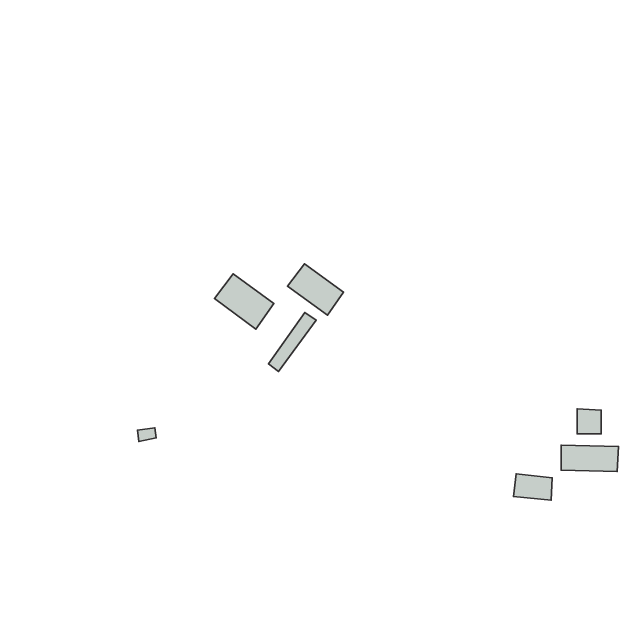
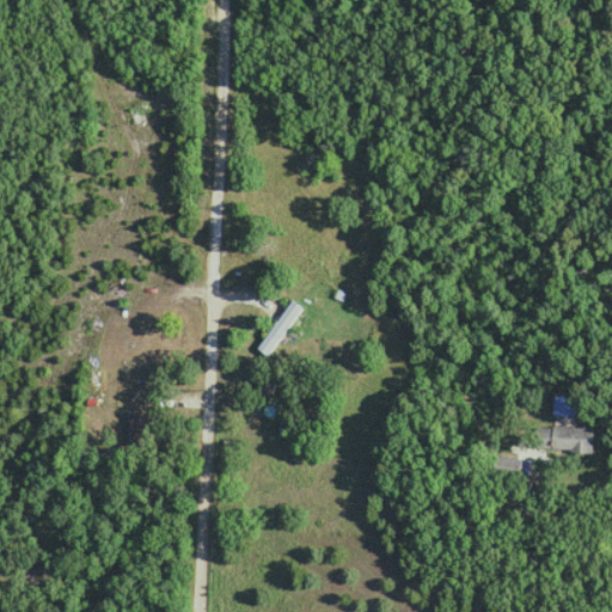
building: [288,264,344,315] -> none
building: [214,274,274,329] -> none

